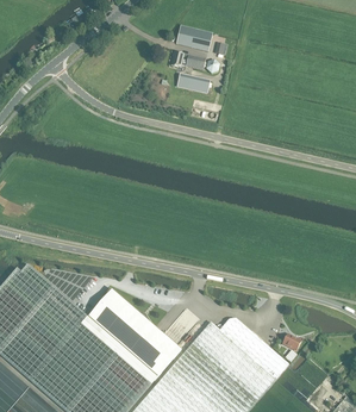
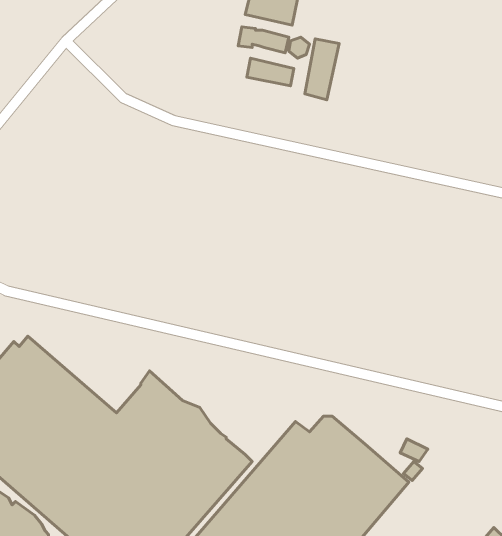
building: none -> [305,39,339,100]

